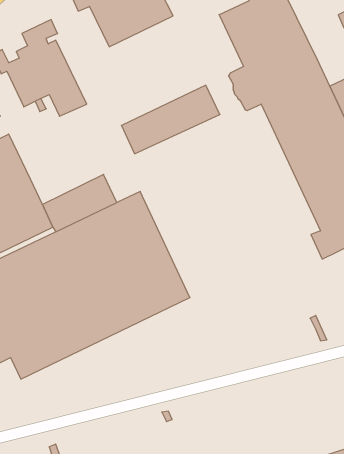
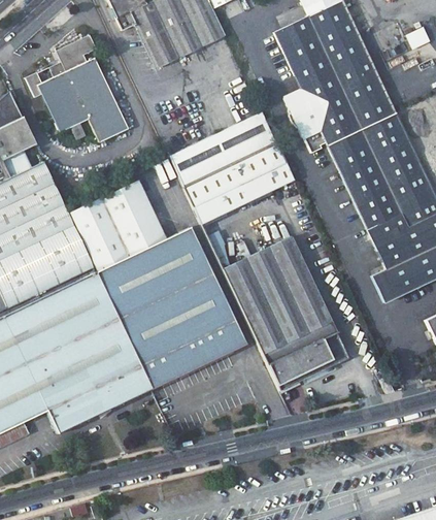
building: none -> [182,141,294,224]
building: none -> [68,180,148,240]
building: none -> [207,233,348,388]

